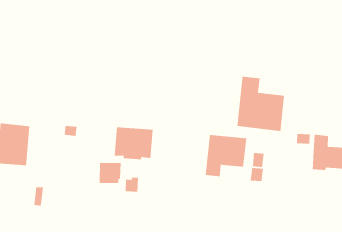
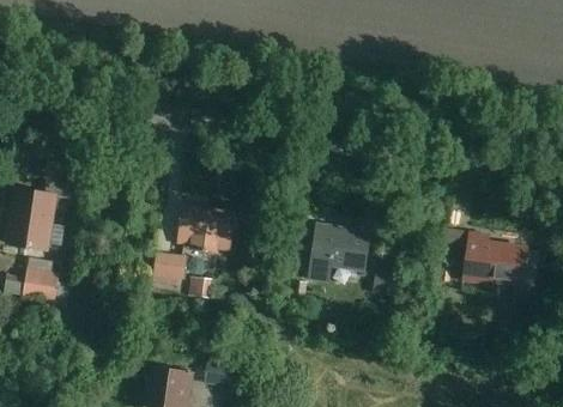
building: [237,76,284,132] -> none
building: none -> [24,269,60,303]

